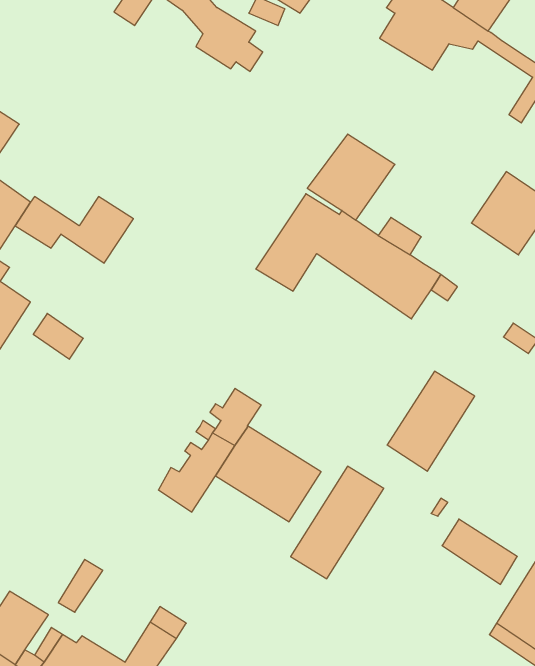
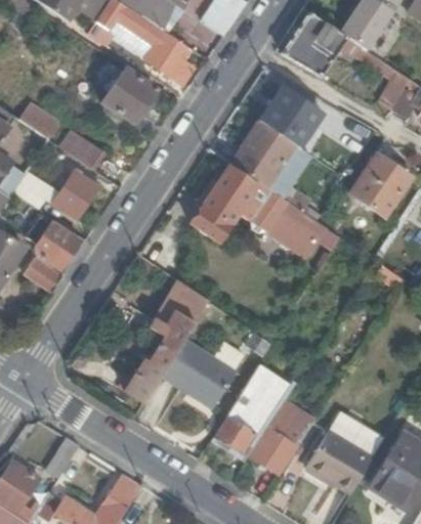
building: none -> [102,69,156,124]
building: none -> [258,89,322,150]
building: none -> [18,99,61,137]
building: none -> [60,127,110,170]
building: none -> [32,222,81,264]
building: none -> [161,287,209,326]
building: [387,371,475,471] -> [250,403,314,477]
building: none -> [304,428,371,494]

